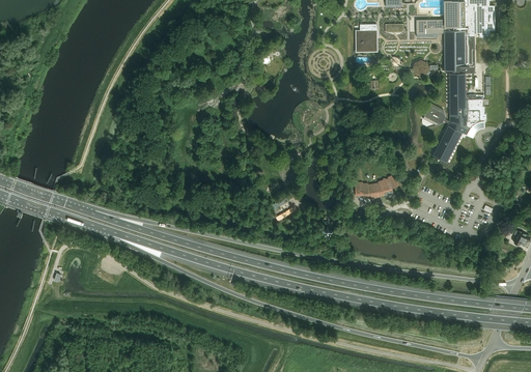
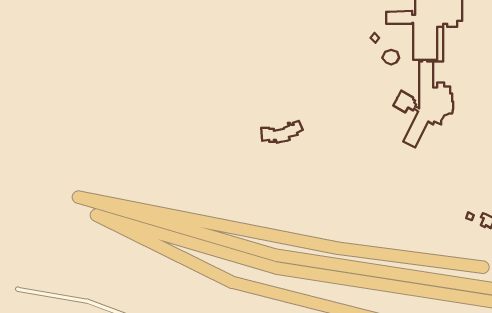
building: [355,24,375,48] -> none
building: [354,175,397,198] -> [261,121,303,143]

